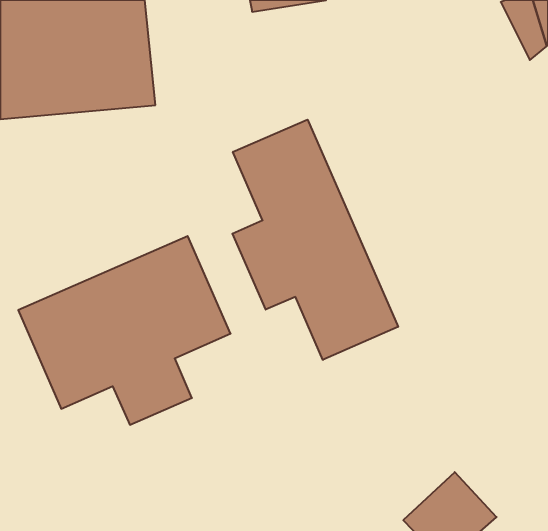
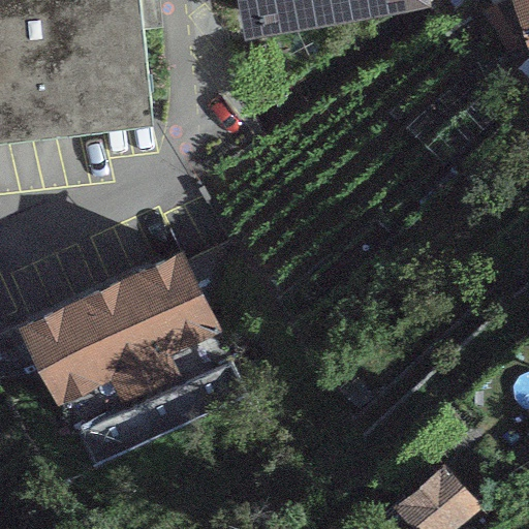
building: [232,120,398,360] -> none

